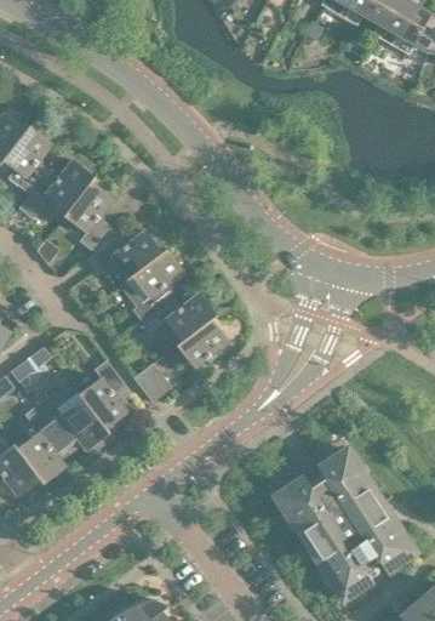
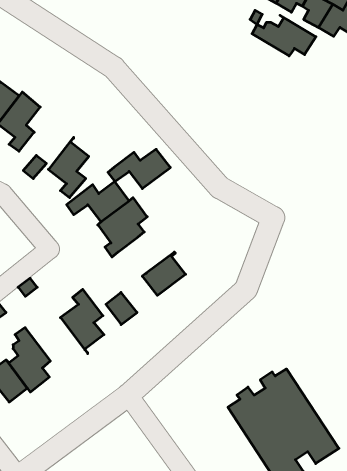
building: none -> [252,15,316,56]
building: [29,160,95,216] -> none
building: [141,294,216,341] -> [108,149,170,189]
building: [36,387,111,455] -> none

